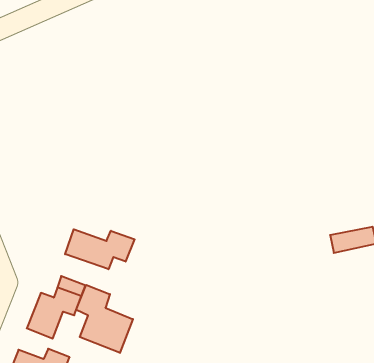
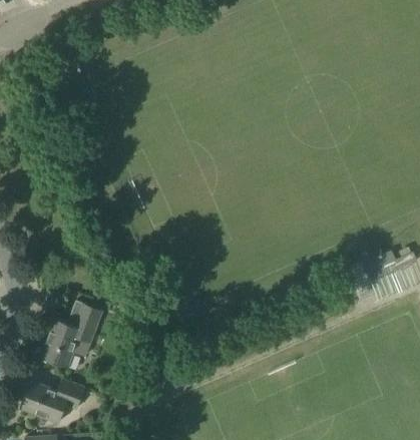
building: [65,229,135,269] -> none
building: [76,285,133,353] -> none

